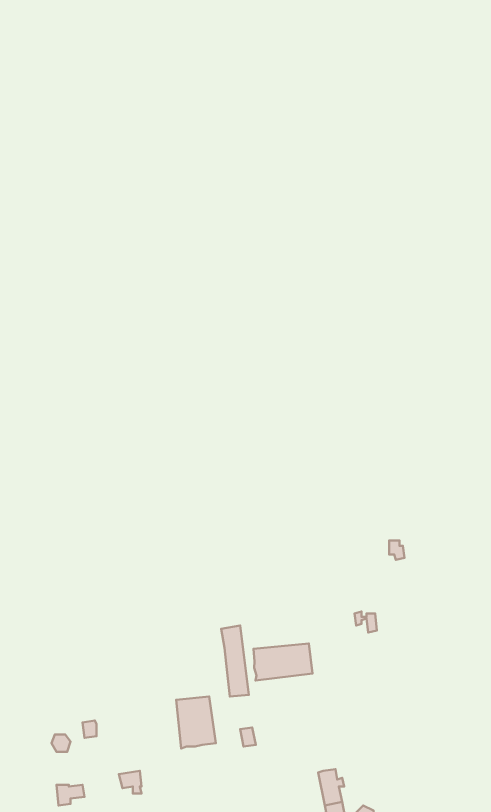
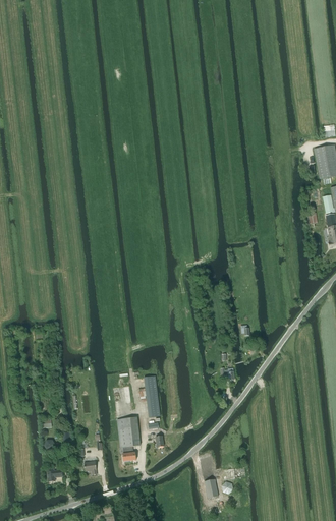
building: [253,644,313,681] -> none

